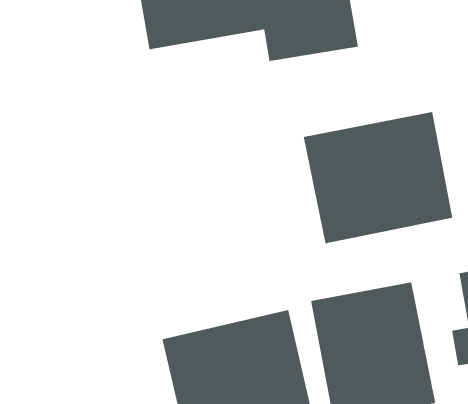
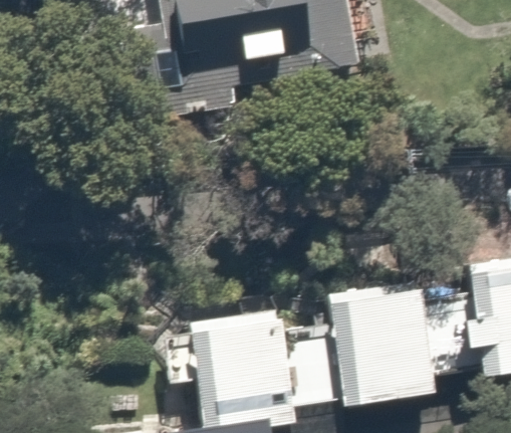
building: [303,111,453,244] -> none

